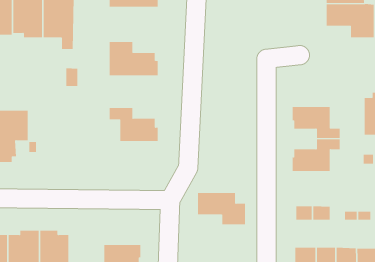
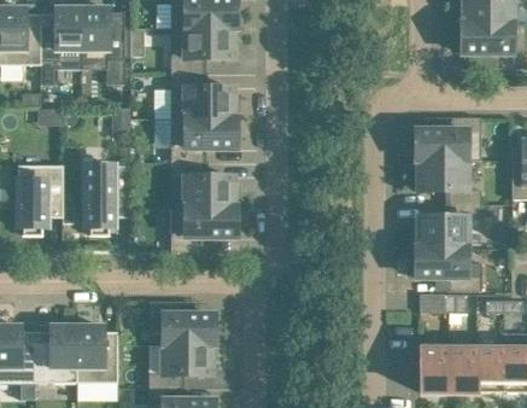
building: none -> [170,25,236,71]
building: none -> [415,115,480,158]
building: none -> [170,117,236,159]
building: none -> [84,163,130,233]
building: none -> [170,205,236,250]
building: [197,192,246,225] -> [415,245,480,288]
building: none -> [148,299,213,343]

